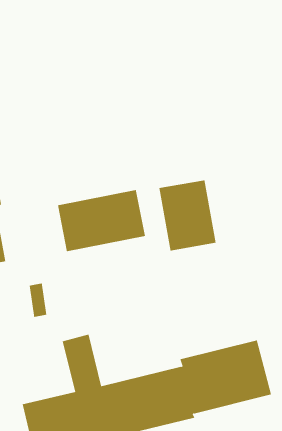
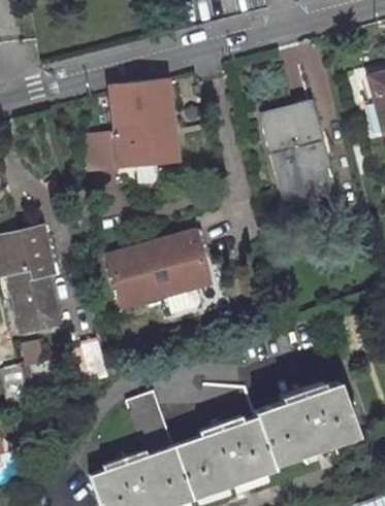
building: none -> [85,83,174,171]
building: [158,180,216,251] -> [264,112,332,193]

